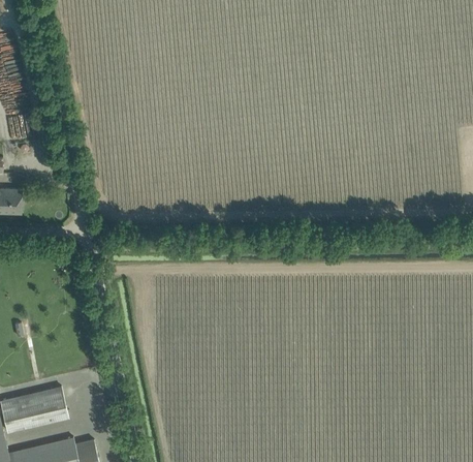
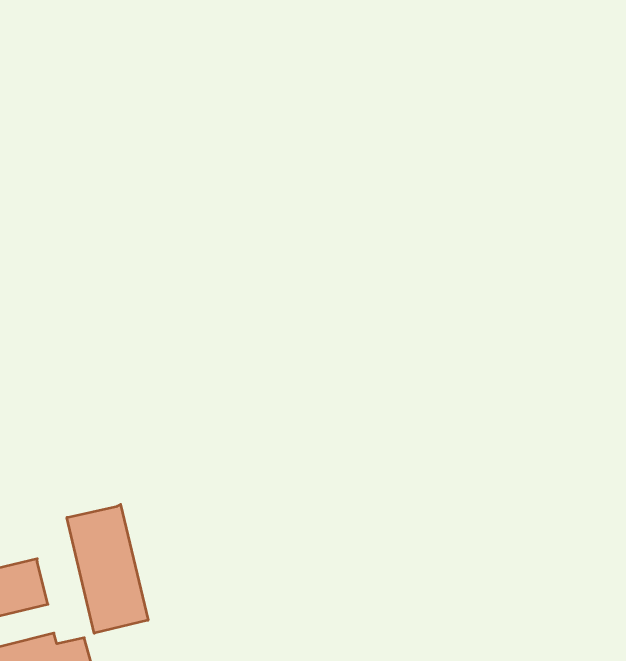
building: none -> [67,504,148,633]

